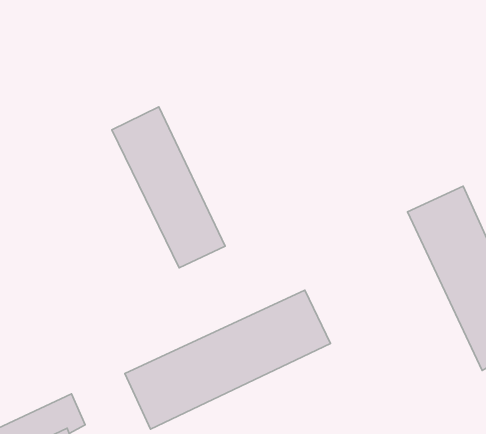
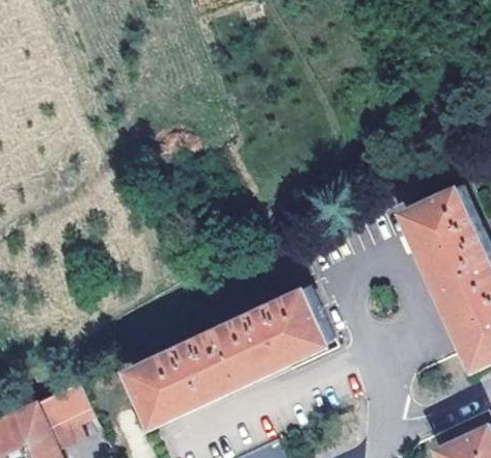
building: [112,107,225,268] -> none

